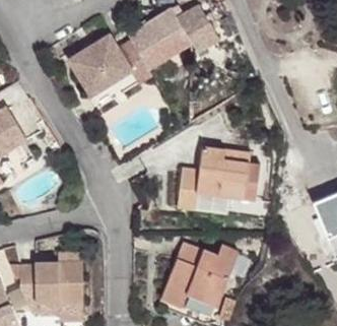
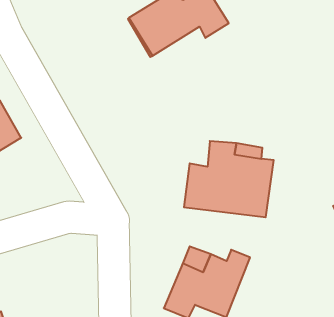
building: [68,36,131,96] -> none
building: [17,260,81,301] -> none

